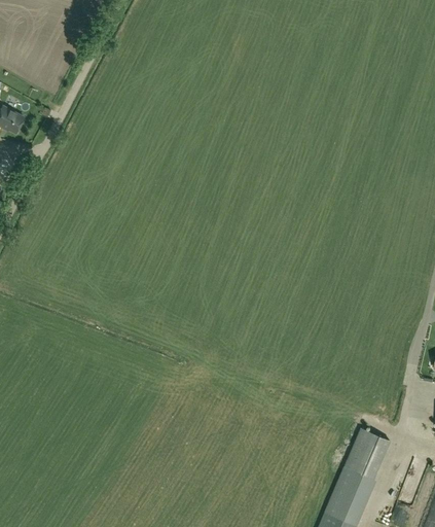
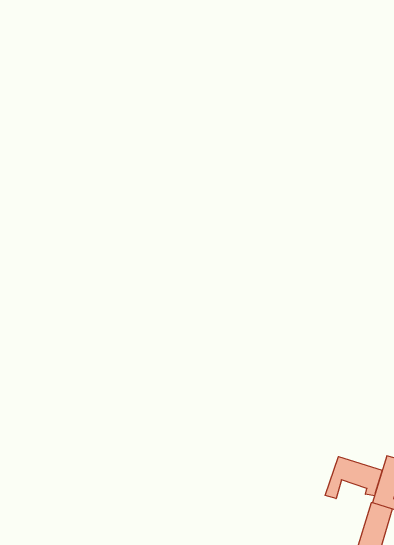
building: none -> [325,457,382,499]

